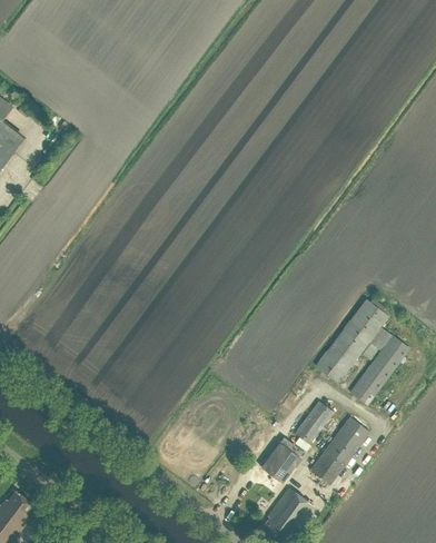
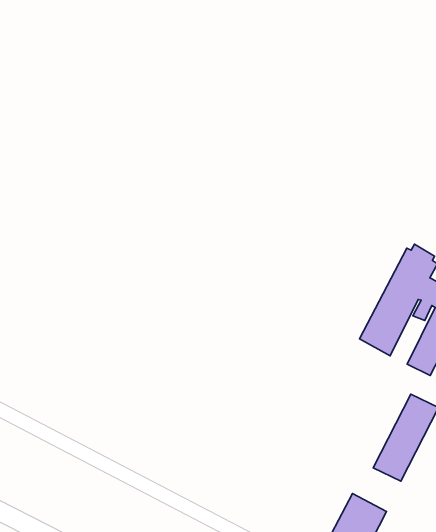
building: [260,401,334,484] -> none

